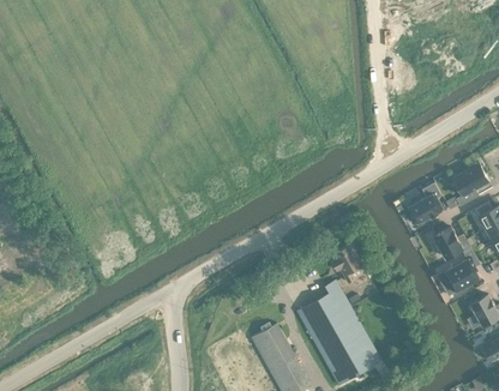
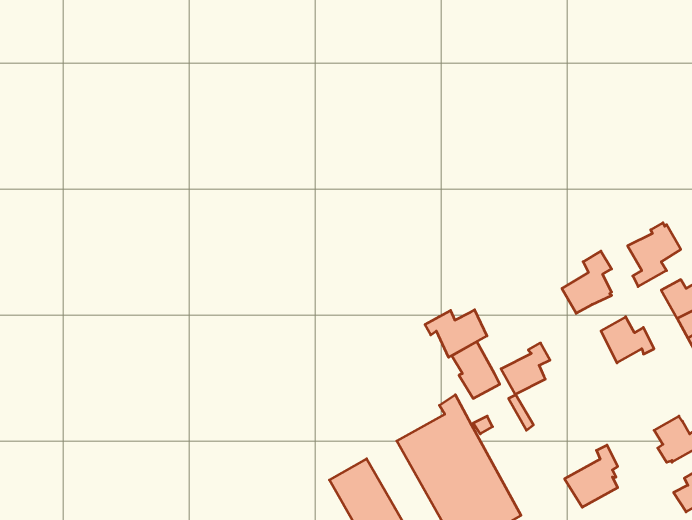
building: none -> [425,310,487,357]
building: none -> [501,343,550,394]
building: [443,251,479,293] -> [565,445,618,507]

